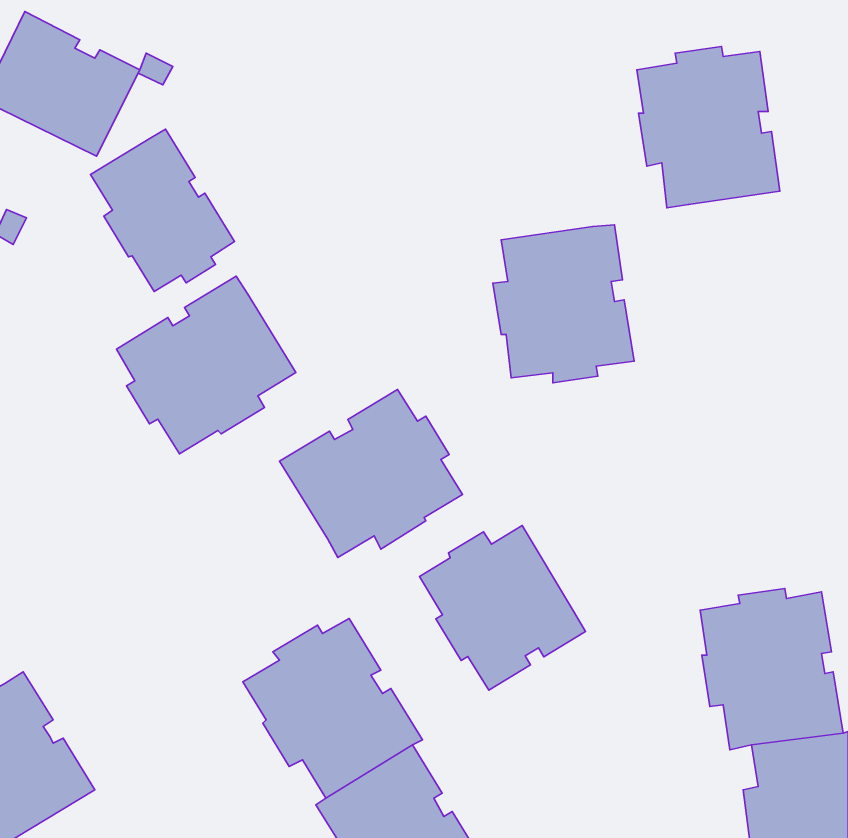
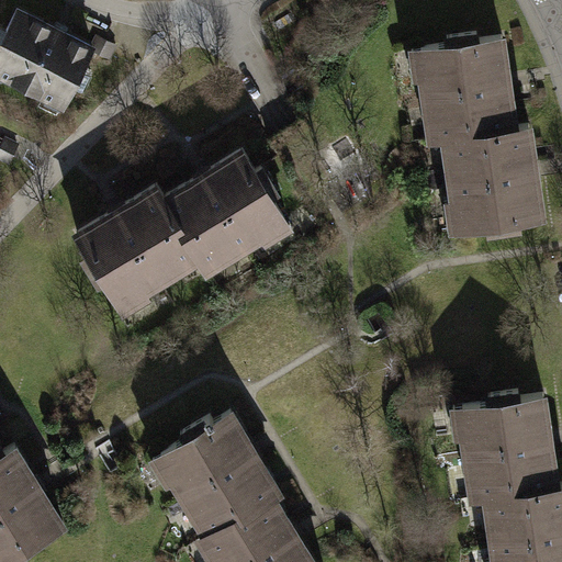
building: [90,129,234,291] -> none
building: [493,225,634,383] -> [449,133,542,237]
building: [280,390,462,558] -> [164,155,284,266]
building: [419,526,586,690] -> none

